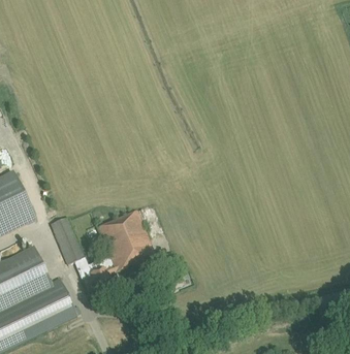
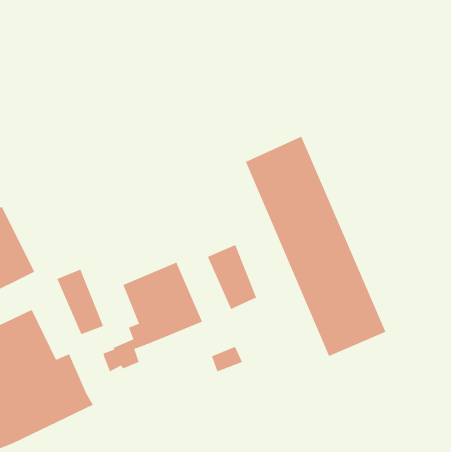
building: none -> [245,136,386,357]
building: none -> [207,244,257,310]

